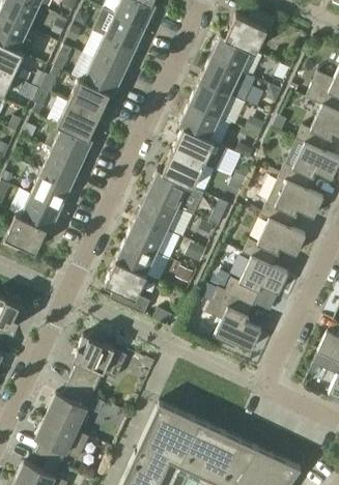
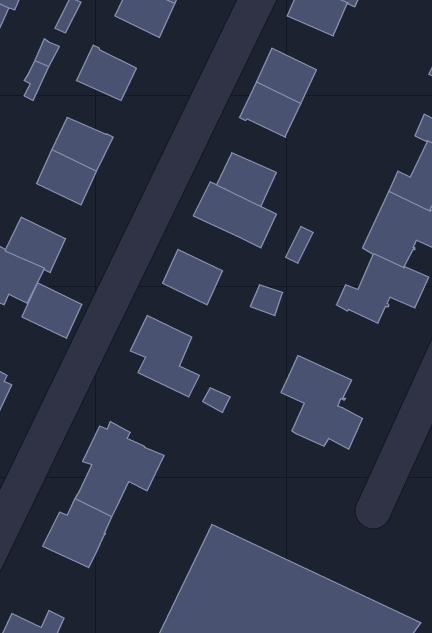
building: [84,59,124,96] -> none
building: [200,59,255,103] -> none
building: [58,103,98,139] -> none
building: [173,129,228,171] -> none
building: [31,172,72,209] -> [22,283,82,338]
building: [137,194,178,231] -> none
building: [116,239,157,276] -> none
building: [218,257,288,305] -> none
building: [35,417,89,465] -> none

